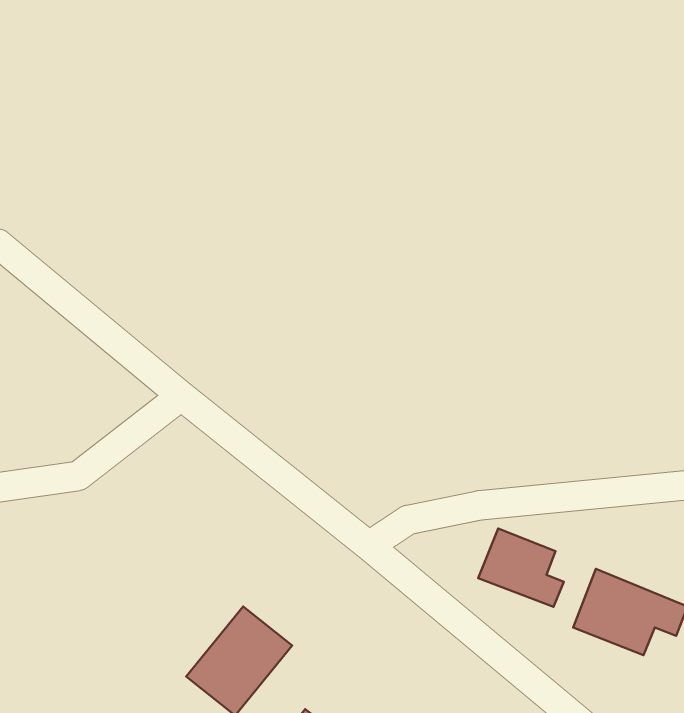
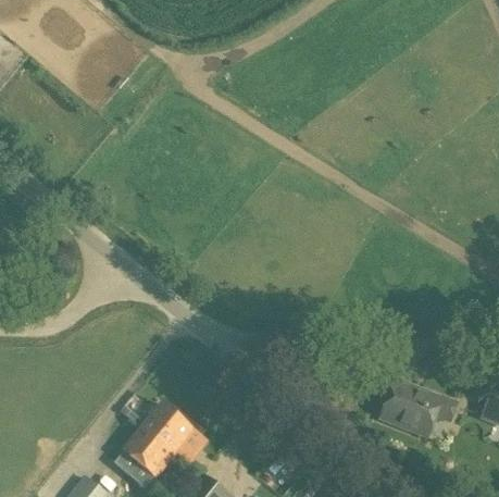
building: [478,528,564,607] -> none

